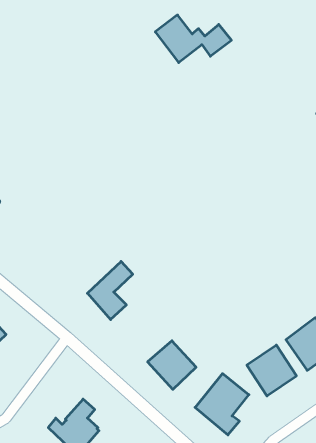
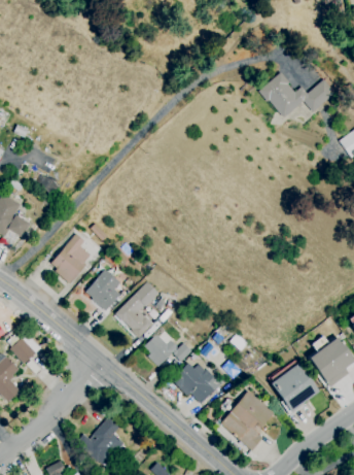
building: [155,15,231,63] -> [259,72,333,118]
building: none -> [49,233,92,282]
building: none -> [84,269,120,311]
building: none -> [143,330,191,366]

